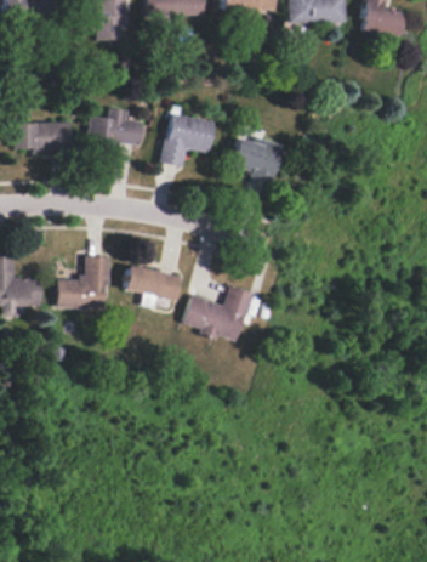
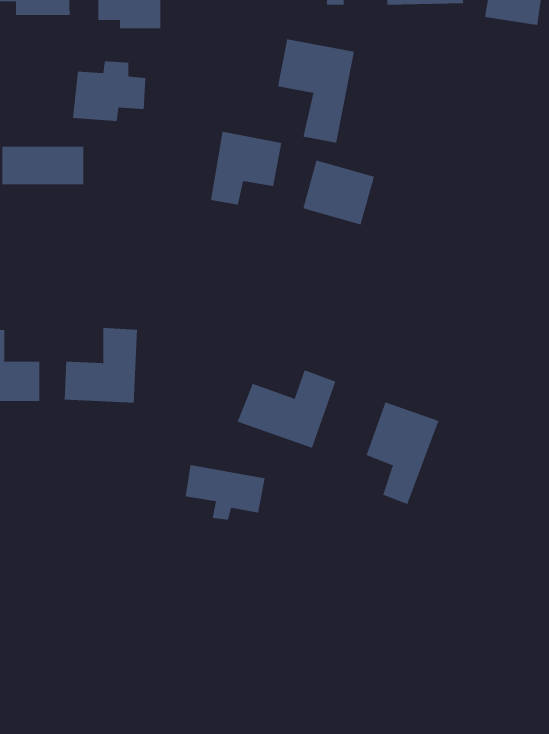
building: none -> [278,39,354,143]
building: [87,108,141,152] -> [72,61,146,121]
building: [124,265,182,305] -> [185,465,266,520]
building: none -> [366,402,439,505]

